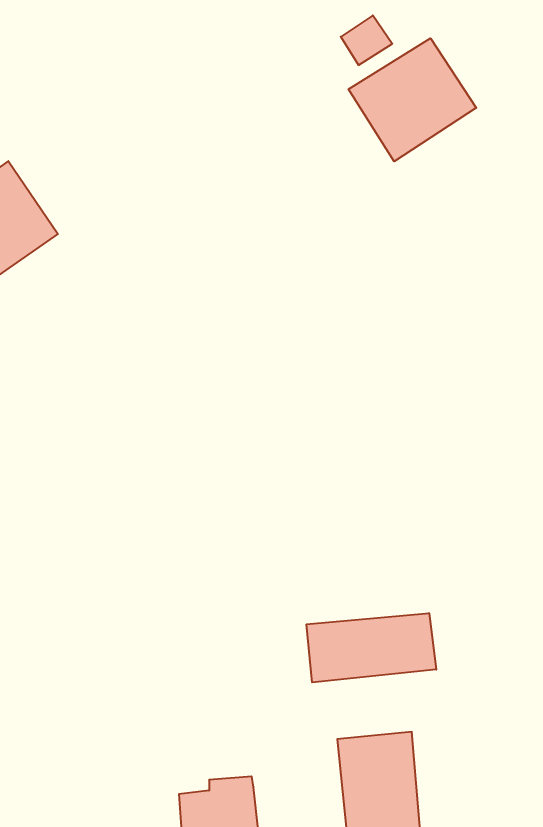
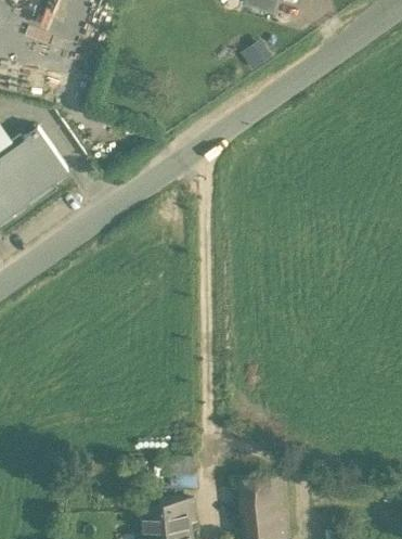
building: [348,38,476,161] -> none
building: [307,613,436,682] -> none

